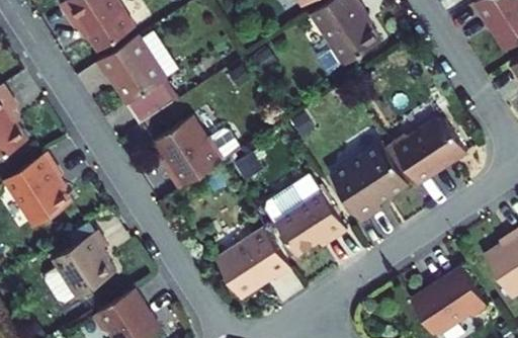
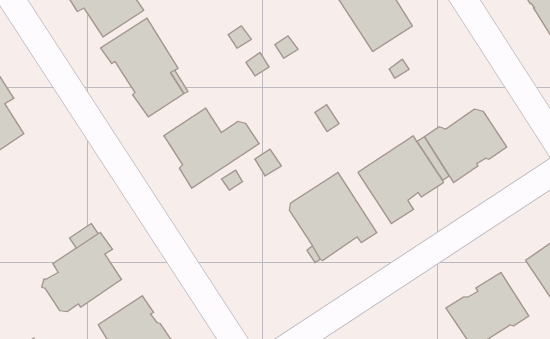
building: [9,153,72,227] -> none
building: [215,229,291,299] -> none

